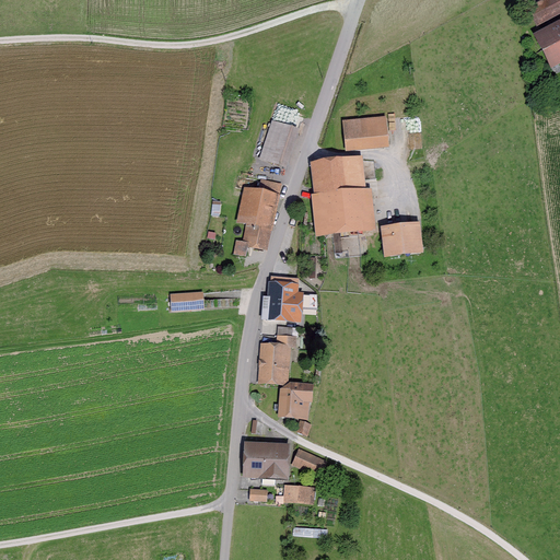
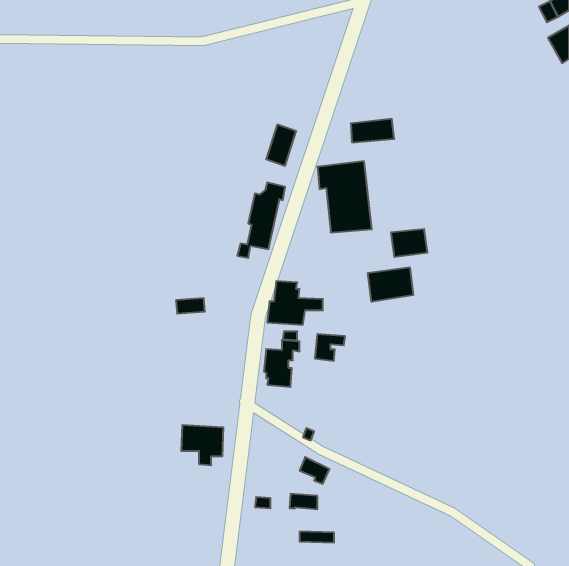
building: none -> [368,267,413,302]
building: [282,388,312,415] -> [315,334,345,361]
building: [245,444,287,483] -> [181,425,223,465]

